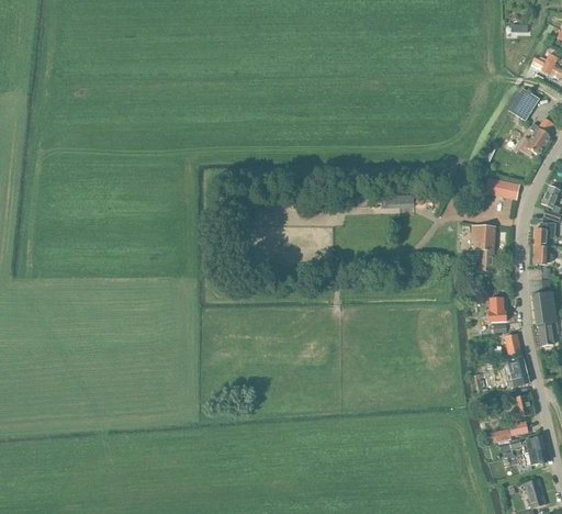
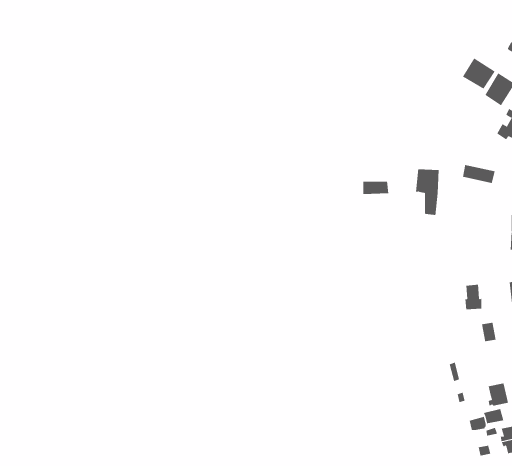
building: none -> [463,58,496,90]
building: [471,225,495,271] -> [415,169,440,215]
building: [505,359,529,387] -> none

